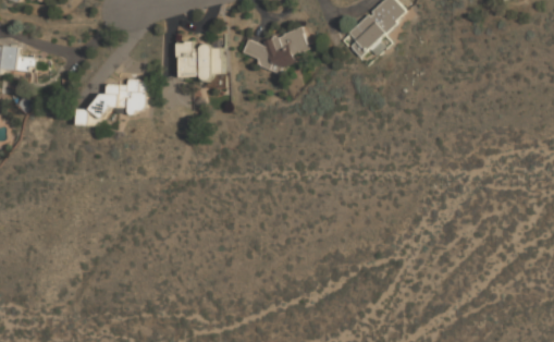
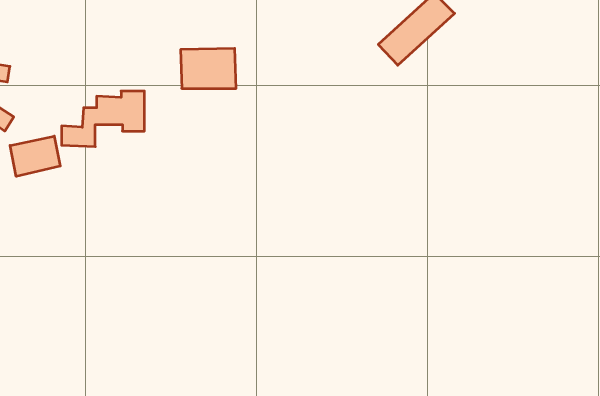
building: [244,26,308,72] -> none
building: none -> [10,136,60,176]

